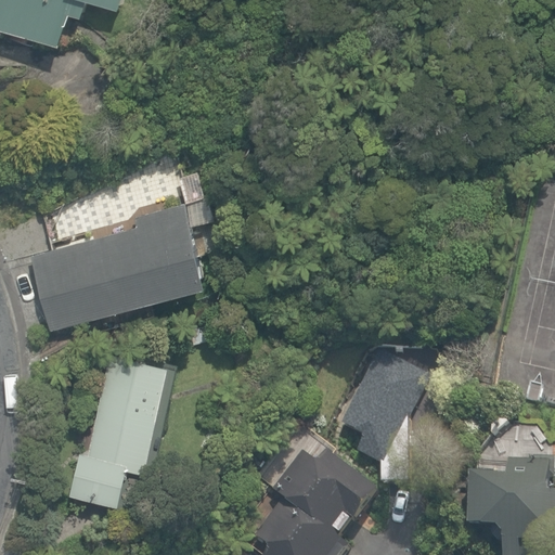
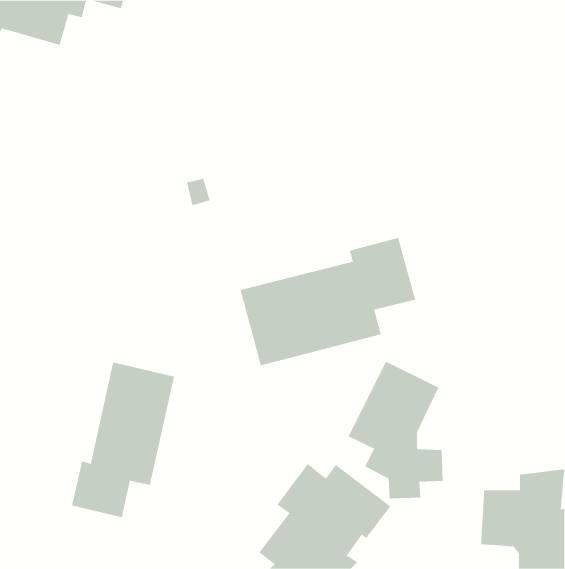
building: [29,202,207,330] -> none
building: none -> [240,237,416,366]

